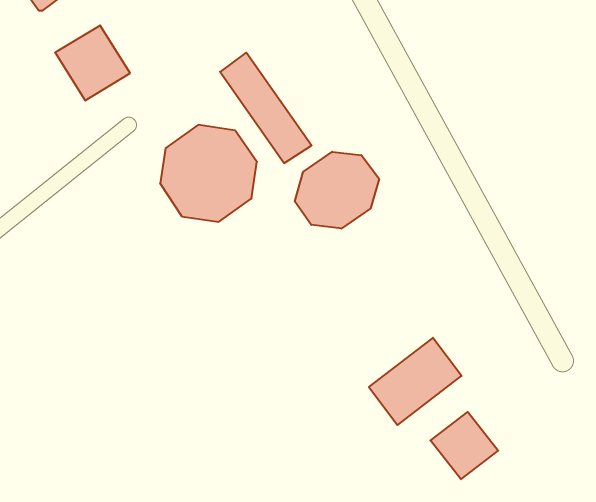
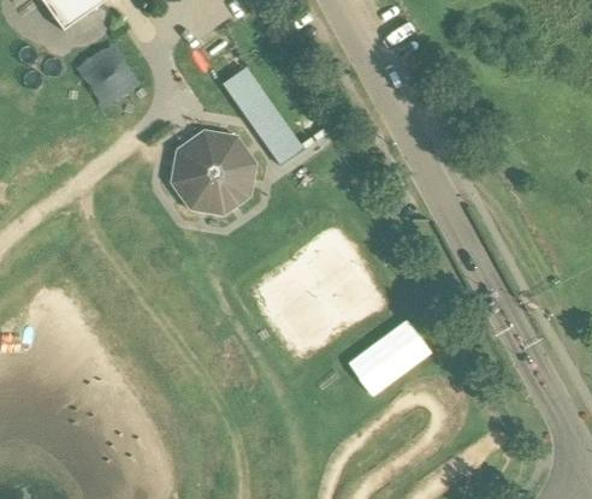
building: [295,152,379,229] -> none
building: [430,412,498,479] -> none

